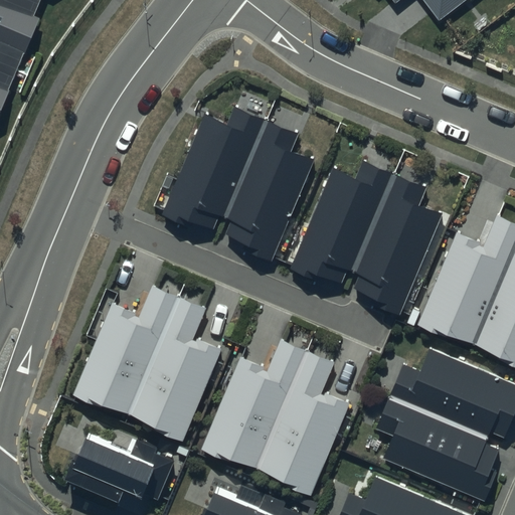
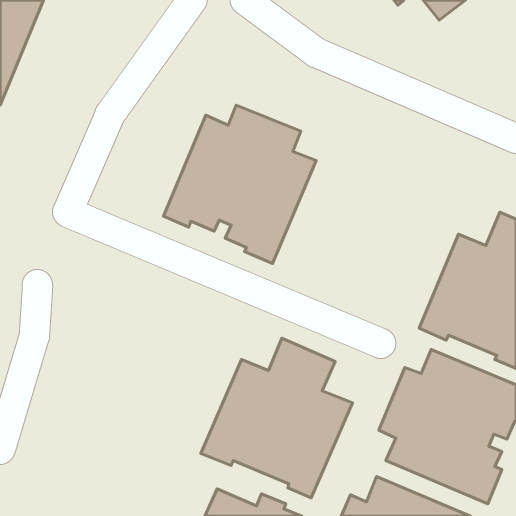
building: [291,158,443,316] -> none
building: [73,284,223,443] -> none
building: [65,433,173,503] -> none

